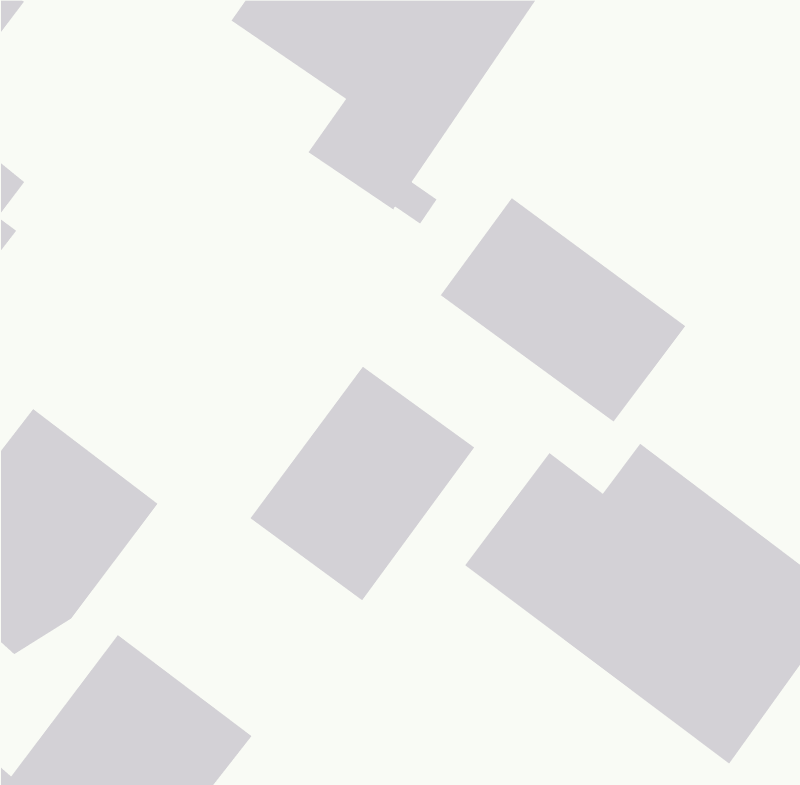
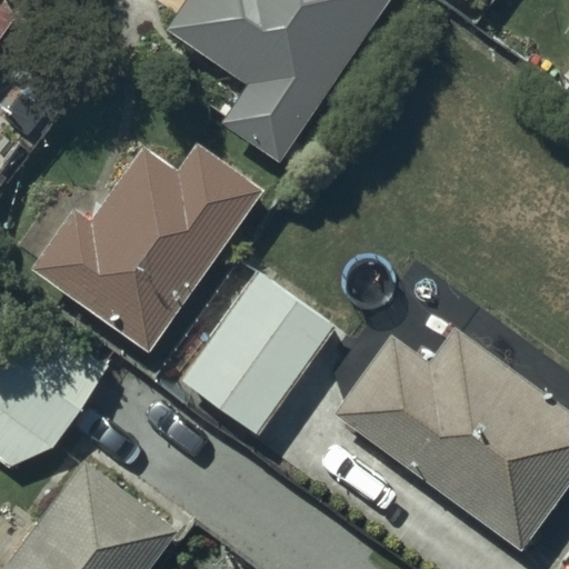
building: none -> [30,140,264,350]
building: [440,197,686,423] -> none

